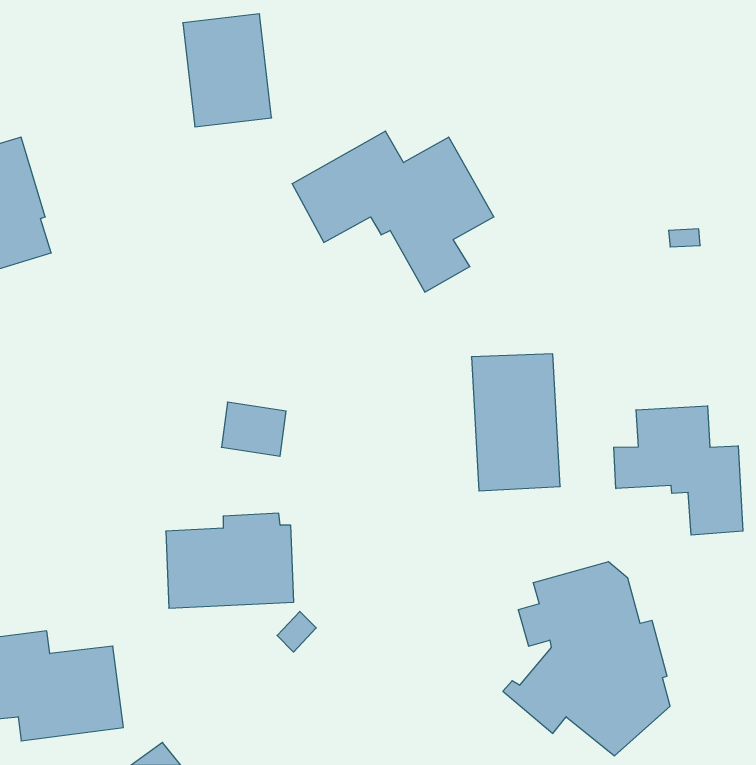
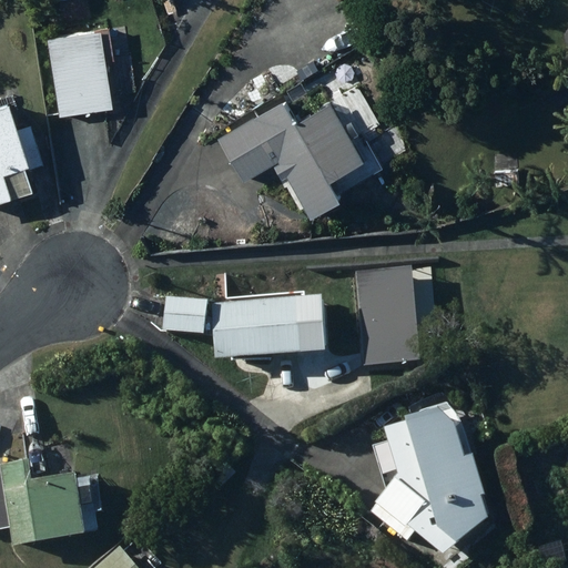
building: [183,14,272,127] -> [47,28,112,111]
building: [614,406,743,535] -> none
building: [166,513,294,608] -> [215,290,310,359]

